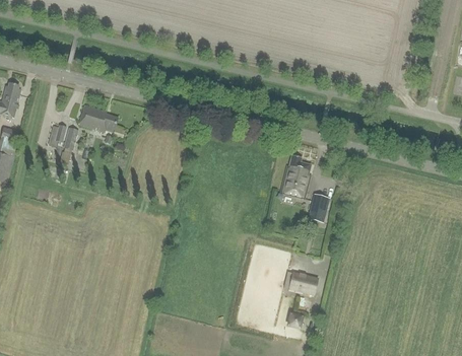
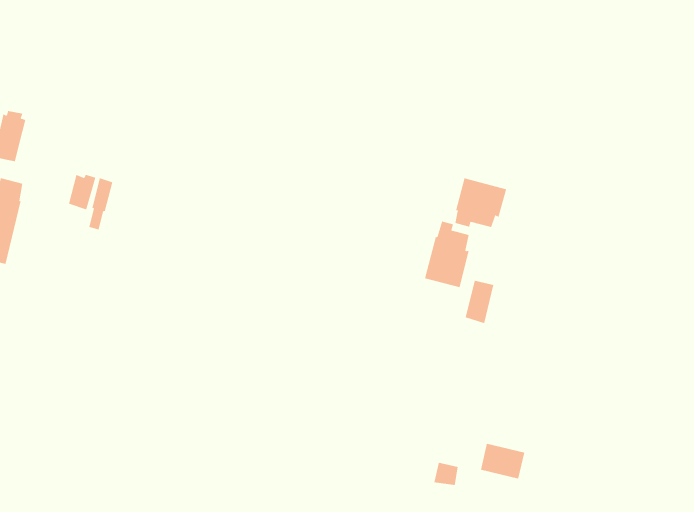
building: [78,103,118,131] -> none
building: none -> [455,178,507,228]
building: [287,271,317,294] -> [480,443,525,479]

